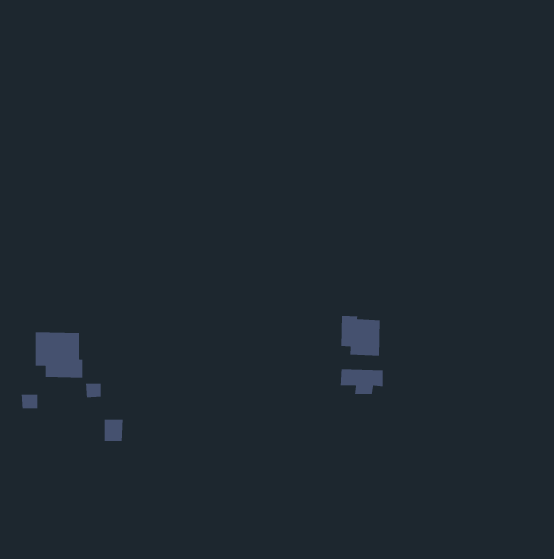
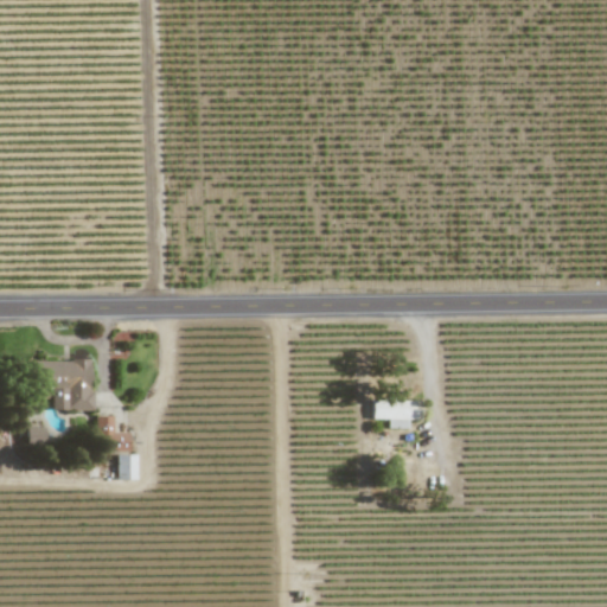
building: [340,315,381,357] -> none

